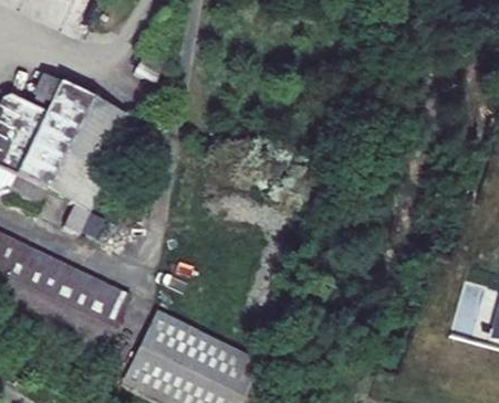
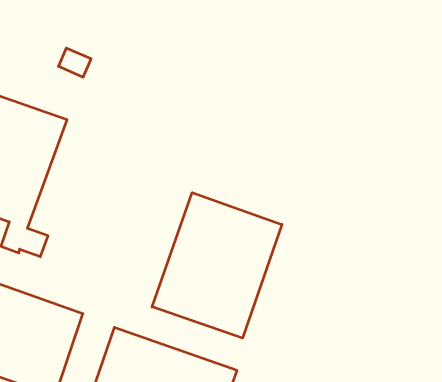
building: none -> [152,193,282,338]

